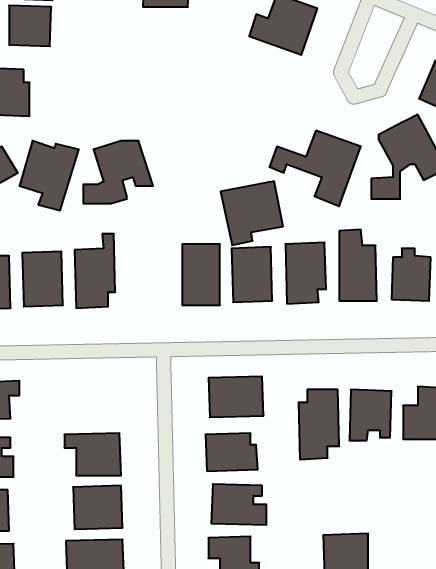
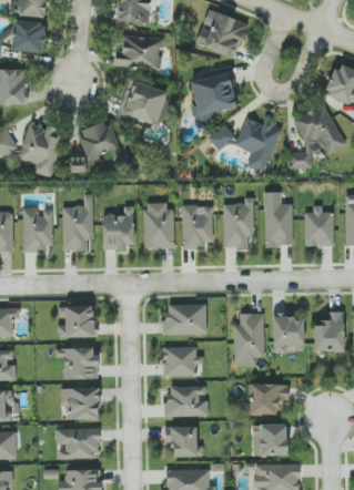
building: none -> [114,37,163,69]
building: none -> [117,79,170,129]
building: [221,181,283,245] -> [189,73,236,122]
building: none -> [102,207,134,251]
building: none -> [58,306,94,338]
building: none -> [249,384,289,415]

